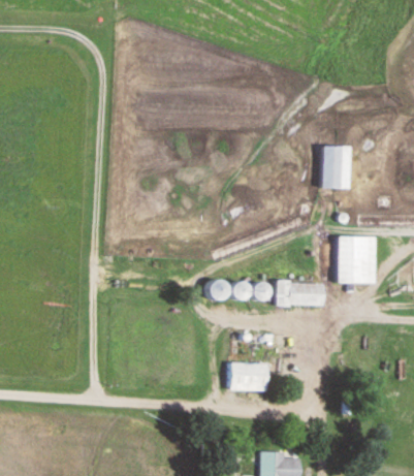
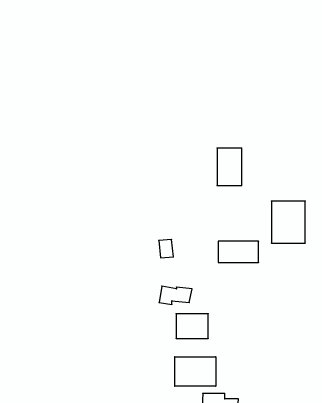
building: [323,147,351,189] -> [217,148,242,186]
building: [232,281,269,302] -> [159,286,192,304]
building: none -> [175,357,216,386]

